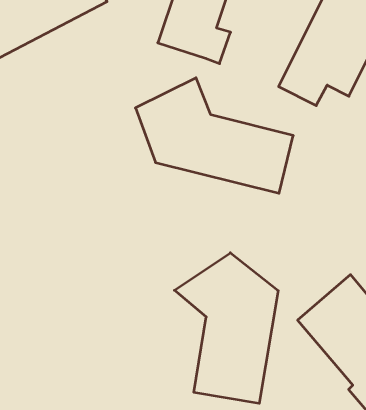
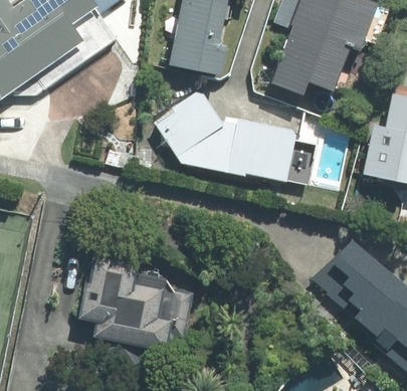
building: [174,253,278,403] -> none
building: none -> [82,256,195,368]

